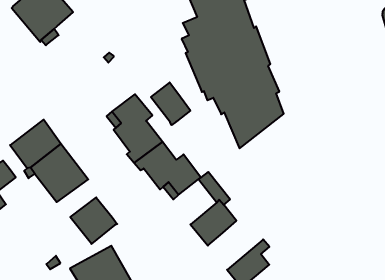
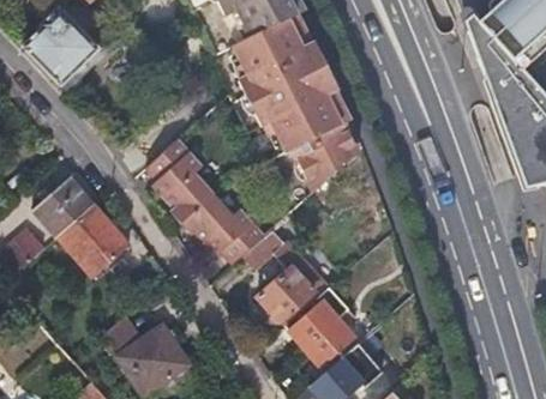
building: [151,82,190,125] -> none
building: [70,197,117,244] -> none
building: none -> [282,282,344,343]

